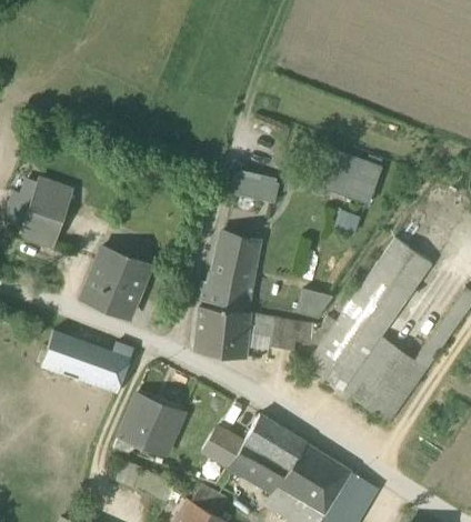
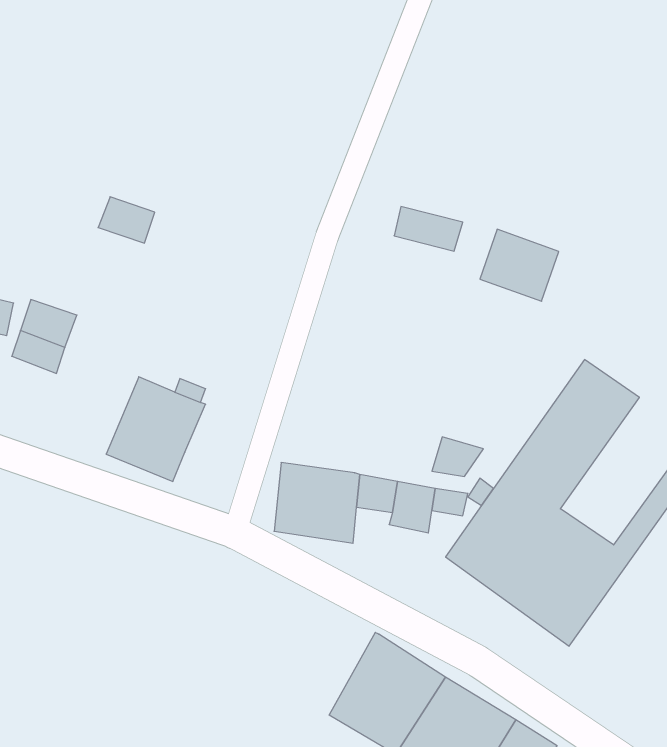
building: [231,172,275,201] -> [394,207,463,251]
building: [37,179,73,209] -> [98,197,155,243]
building: [199,231,259,311] -> none
building: [42,331,133,392] -> none
building: [119,395,184,455] -> none
building: [203,428,244,468] -> none

